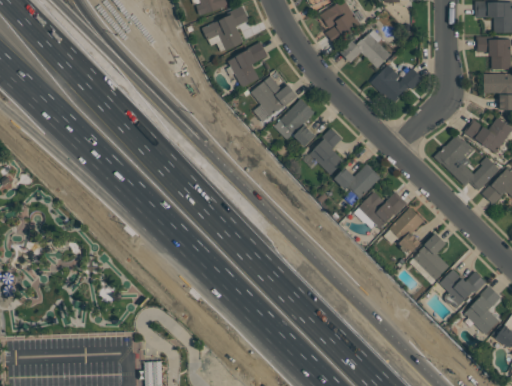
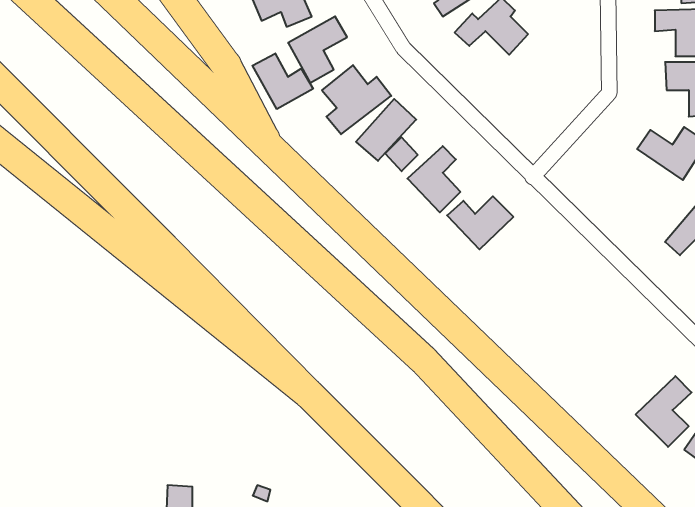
building: [371,64,421,105] -> none
building: none -> [252,53,313,109]
building: [434,133,499,191] -> none
building: [357,191,406,229] -> none
building: [388,207,424,252] -> none
building: [412,233,449,280] -> none
building: [439,268,484,306] -> none

